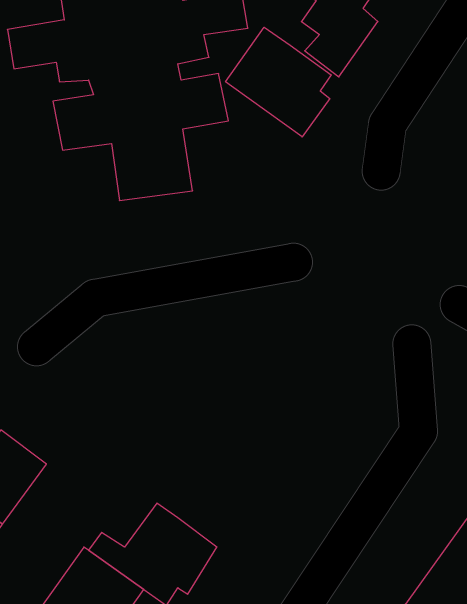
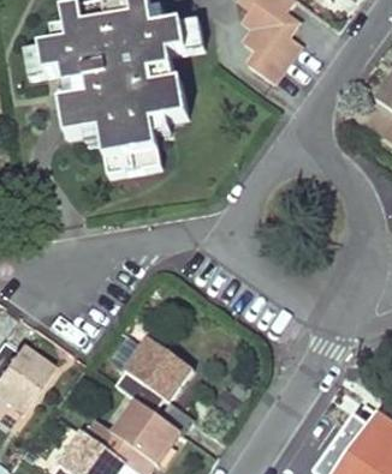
building: [226,27,331,137] -> none
building: none -> [108,336,195,409]

